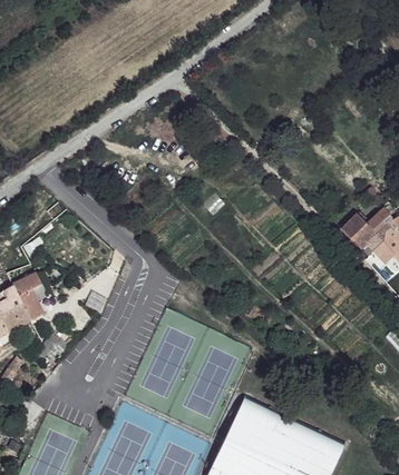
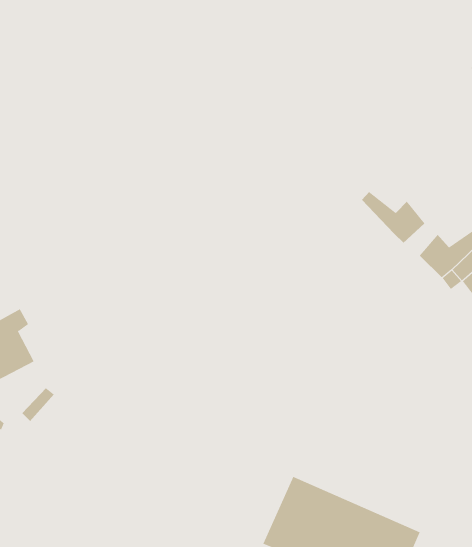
building: none -> [361,191,425,243]

